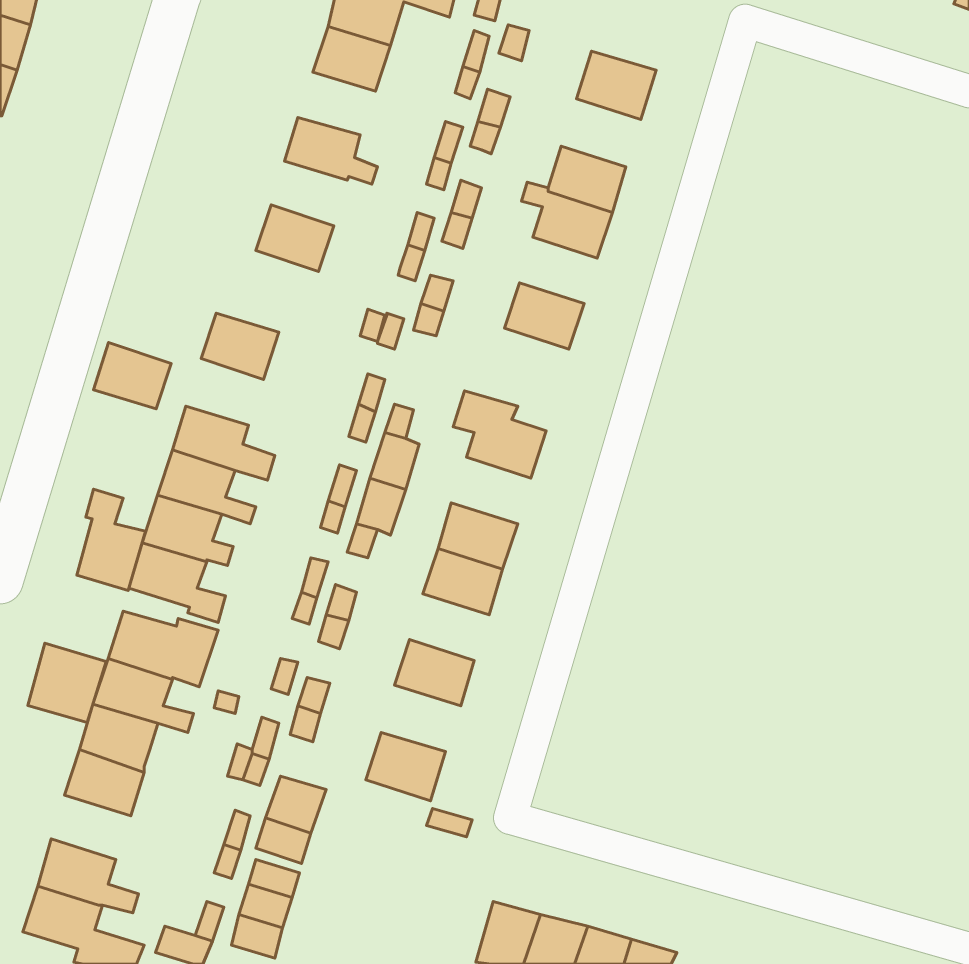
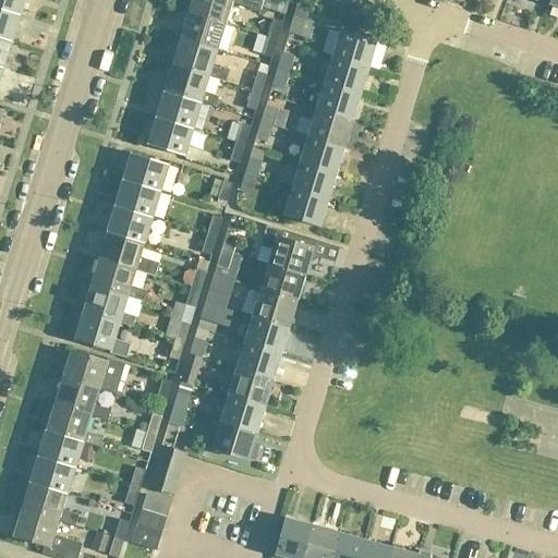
building: none -> [171,41,229,81]
building: none -> [323,57,368,96]
building: none -> [156,93,199,130]
building: none -> [299,136,343,174]
building: none -> [124,154,168,191]
building: none -> [282,189,327,227]
building: [93,343,171,409] -> [107,206,151,244]
building: none -> [259,263,305,301]
building: [77,489,146,591] -> none
building: none -> [235,341,281,379]
building: [28,643,106,722] -> none
building: none -> [219,393,265,432]
building: none -> [29,457,75,494]

